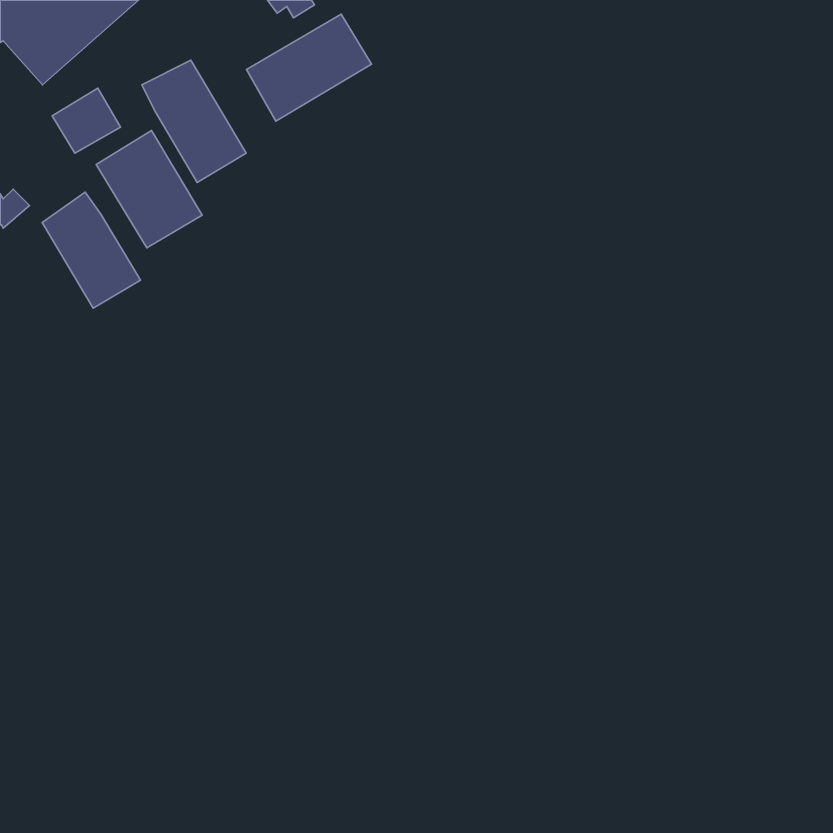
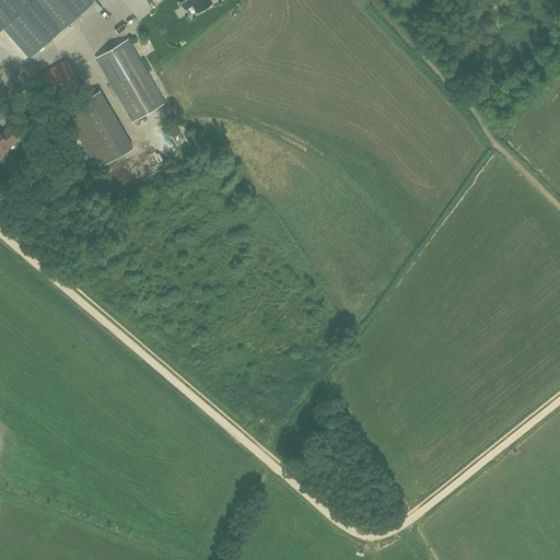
building: [246,14,372,121] -> none
building: [42,192,141,308] -> none

